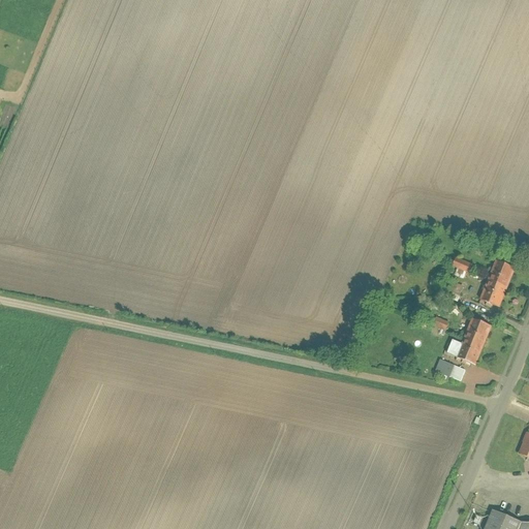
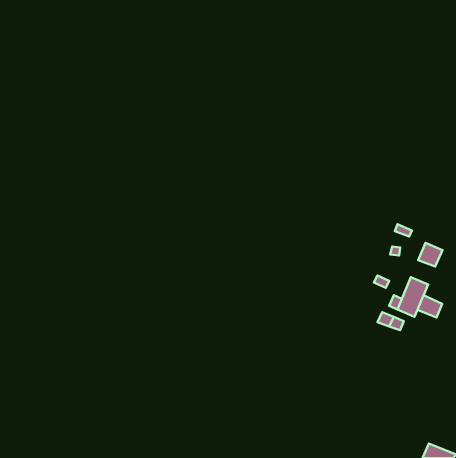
building: [488,259,515,287] -> none
building: none -> [417,295,442,318]

